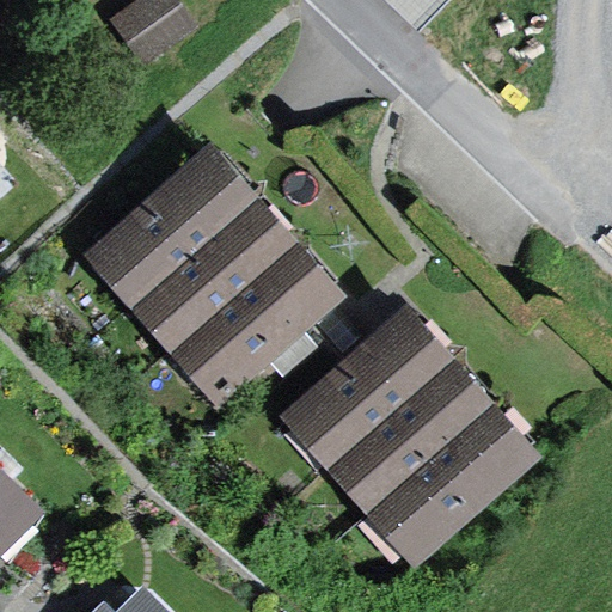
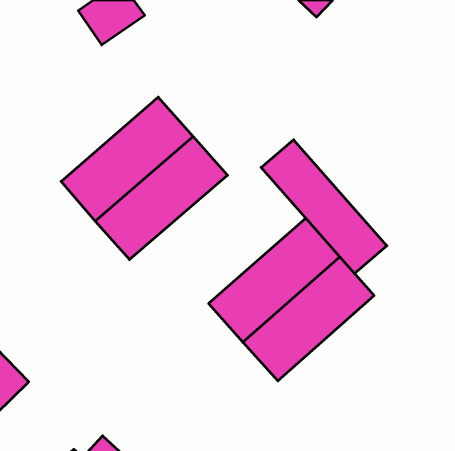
building: none -> [261,140,387,273]
building: [172,244,348,409] -> none
building: [369,404,543,569] -> none

